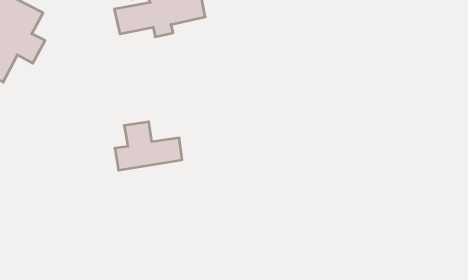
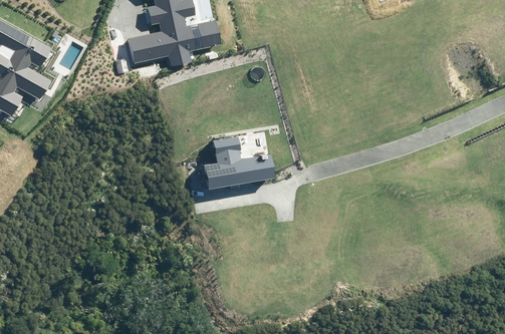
building: [115,122,182,170] -> [200,134,271,186]

